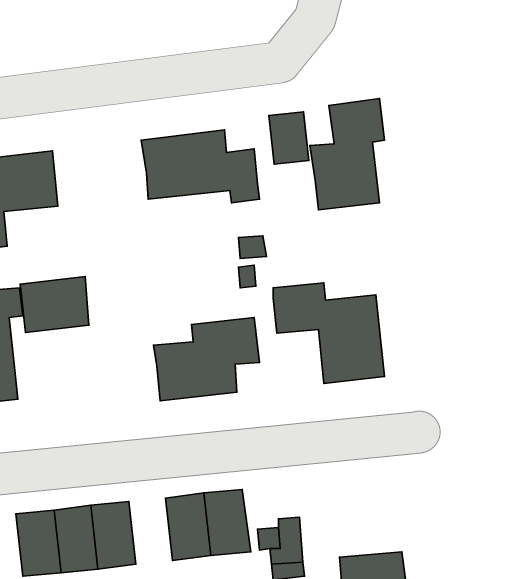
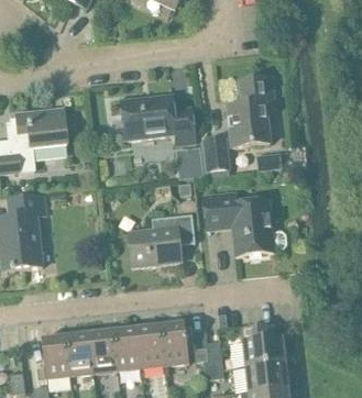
building: [269,112,309,164] -> [205,137,230,170]
building: [20,277,89,332] -> none
building: none -> [241,324,285,366]
building: none -> [112,329,140,371]

